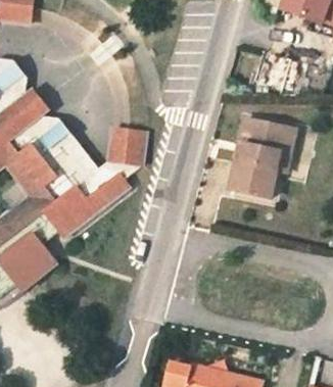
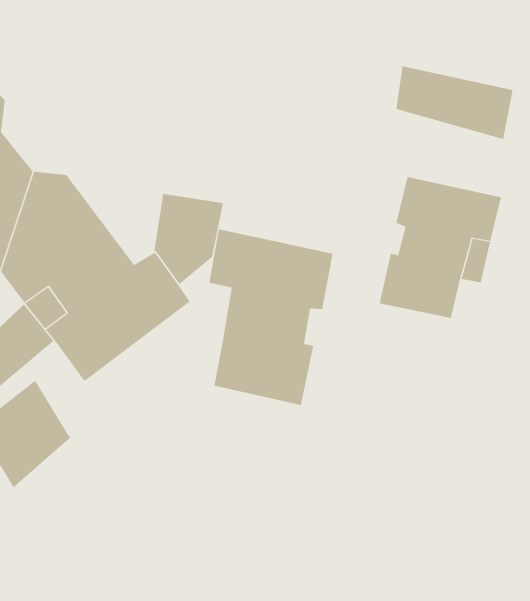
building: none -> [396,66,513,140]
building: none -> [209,228,333,406]

